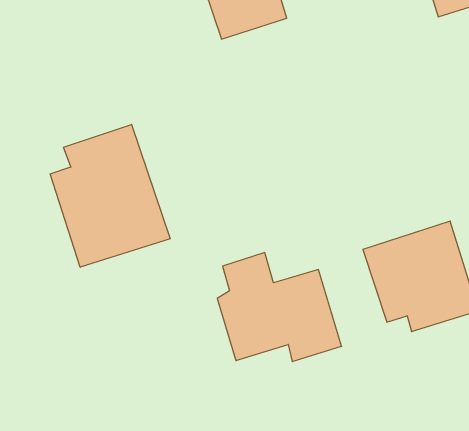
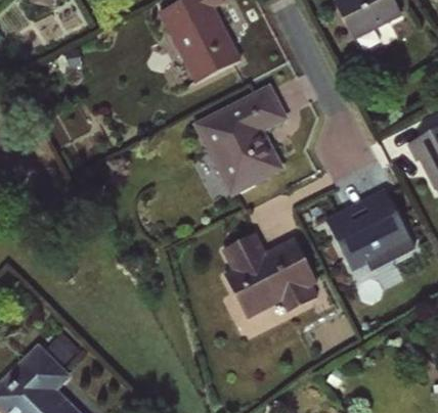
building: none -> [191,82,289,202]
building: [50,124,170,267] -> none

